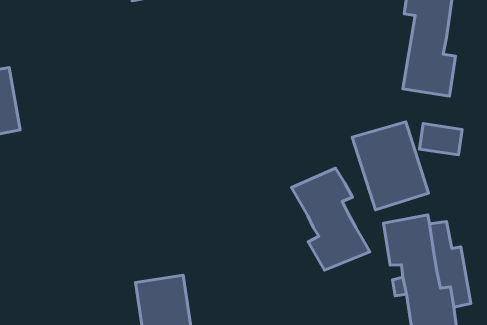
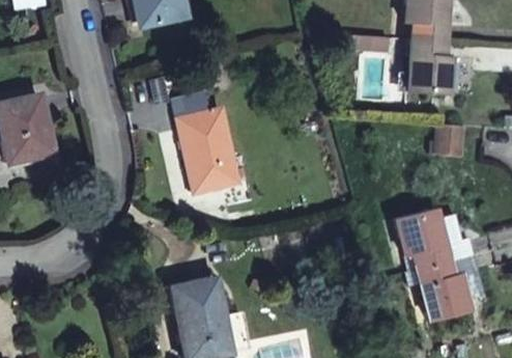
building: none -> [178,93,243,193]
building: [352,122,428,210] -> none
building: [292,168,370,270] -> none

